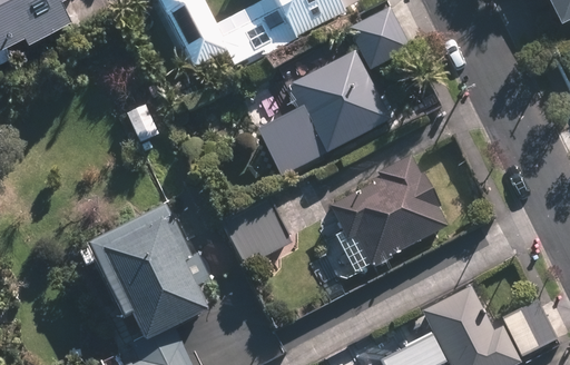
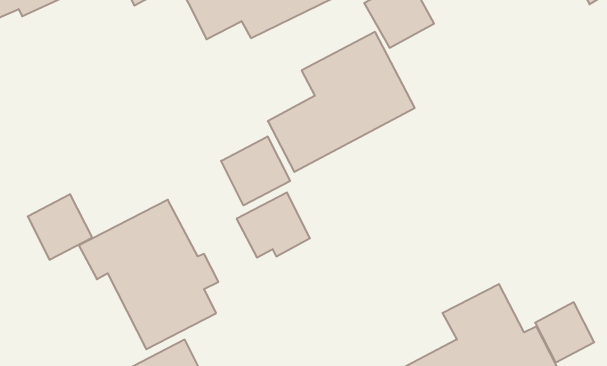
building: none -> [221,136,290,205]
building: [326,157,448,268] -> none
building: none -> [28,194,92,260]

